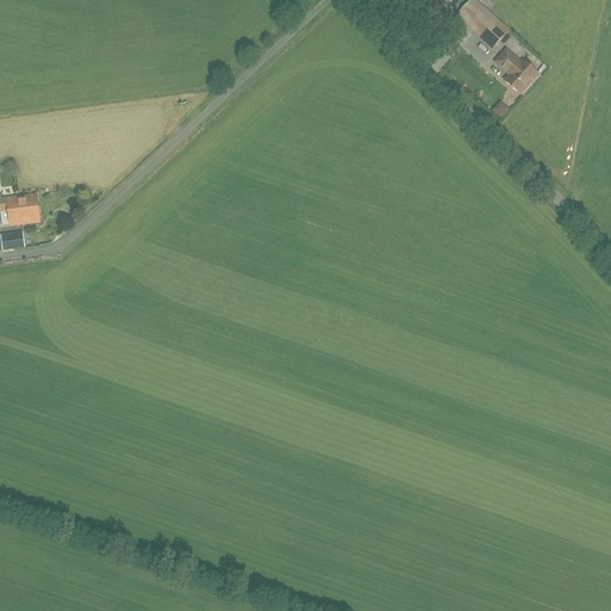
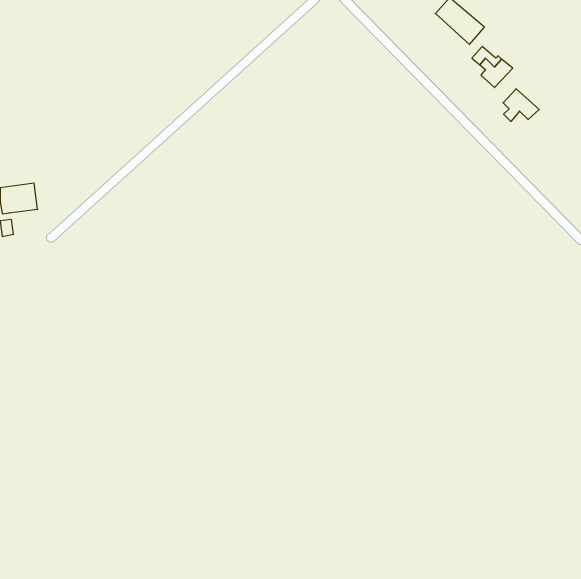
building: none -> [503,89,539,121]

